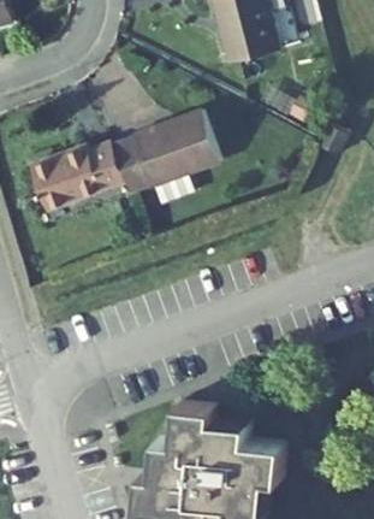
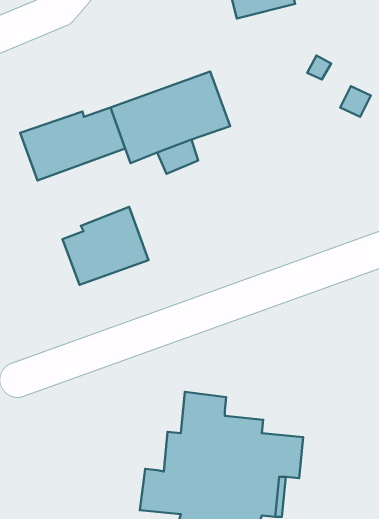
building: none -> [63,207,148,285]

